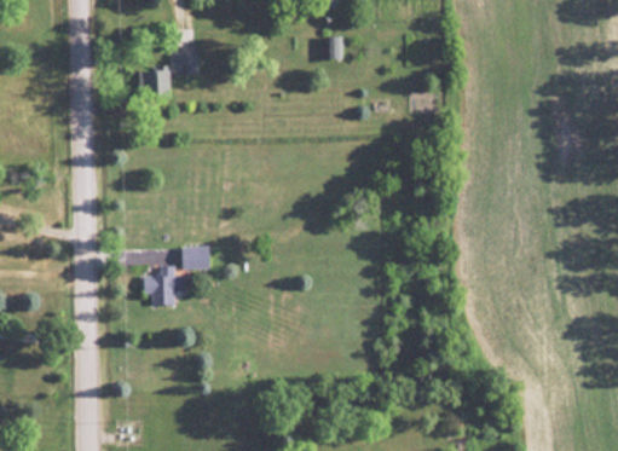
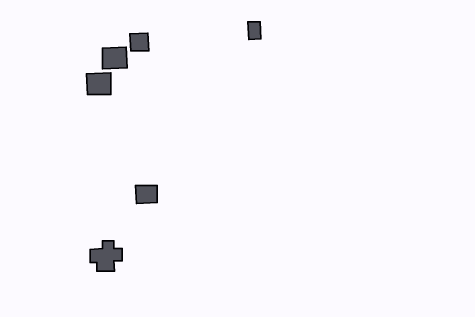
building: none -> [87,73,111,95]
building: [144,266,185,305] -> [90,241,122,271]

